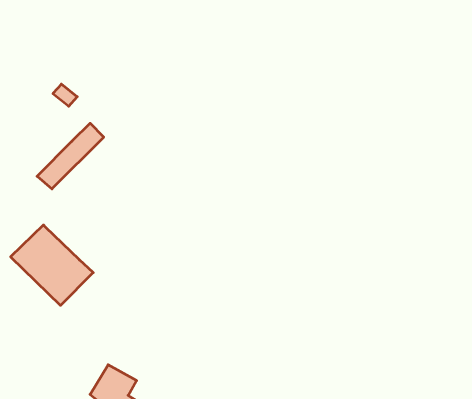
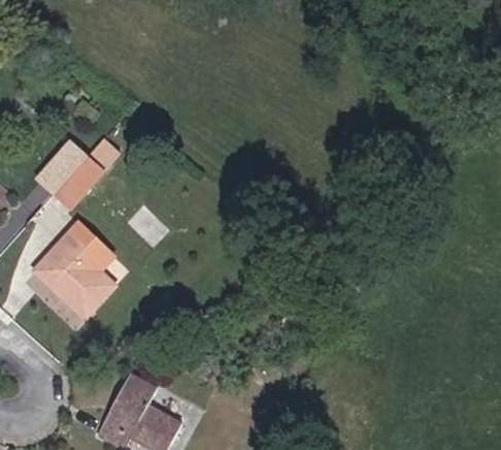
building: none -> [39,137,91,189]
building: none -> [65,222,113,270]

